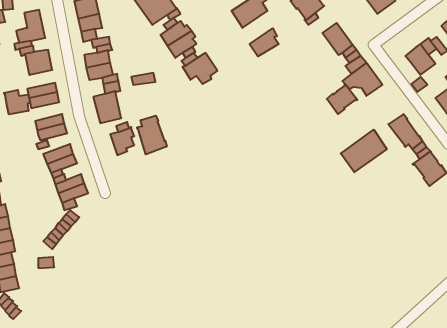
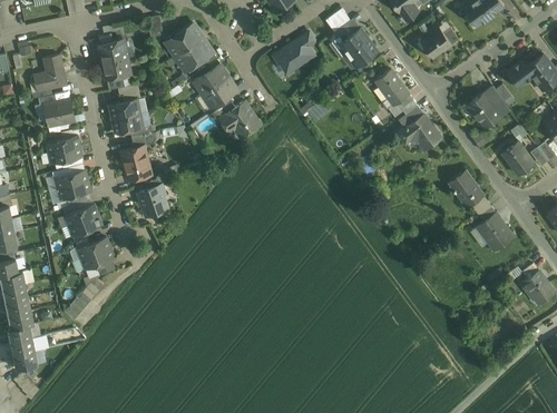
building: [250,28,279,56] -> none
building: [327,85,357,114] -> none
building: [4,90,30,114] -> none
building: [137,116,167,154] -> none
building: [341,130,387,172] -> none

